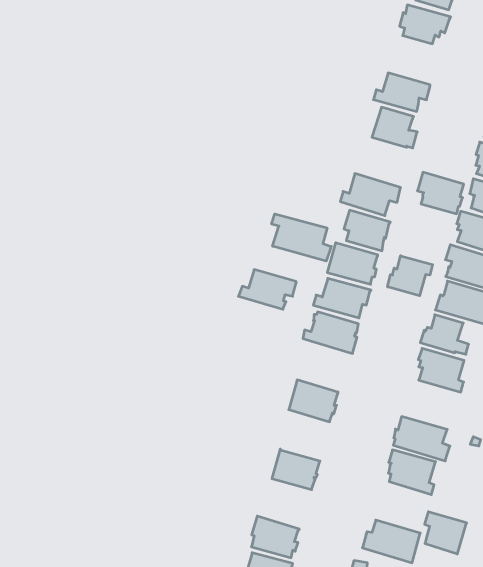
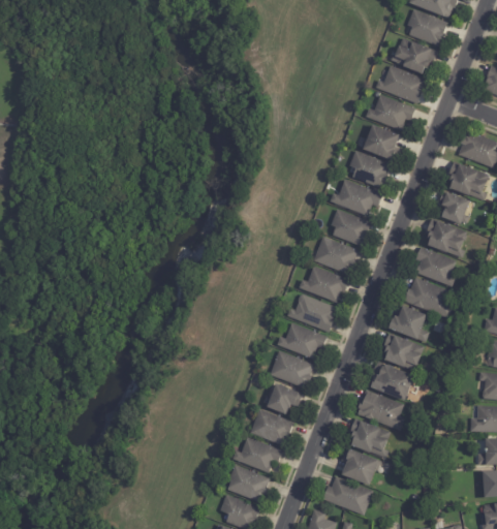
building: none -> [375,65,425,103]
building: [417,172,464,214] -> [349,150,390,188]
building: [272,214,331,261] -> none
building: [388,256,433,296] -> none
building: [238,270,296,309] -> [276,322,327,359]
building: none -> [367,361,413,400]
building: none -> [263,383,302,413]
building: none -> [231,437,282,473]
building: [425,512,467,554] -> [341,447,378,486]

